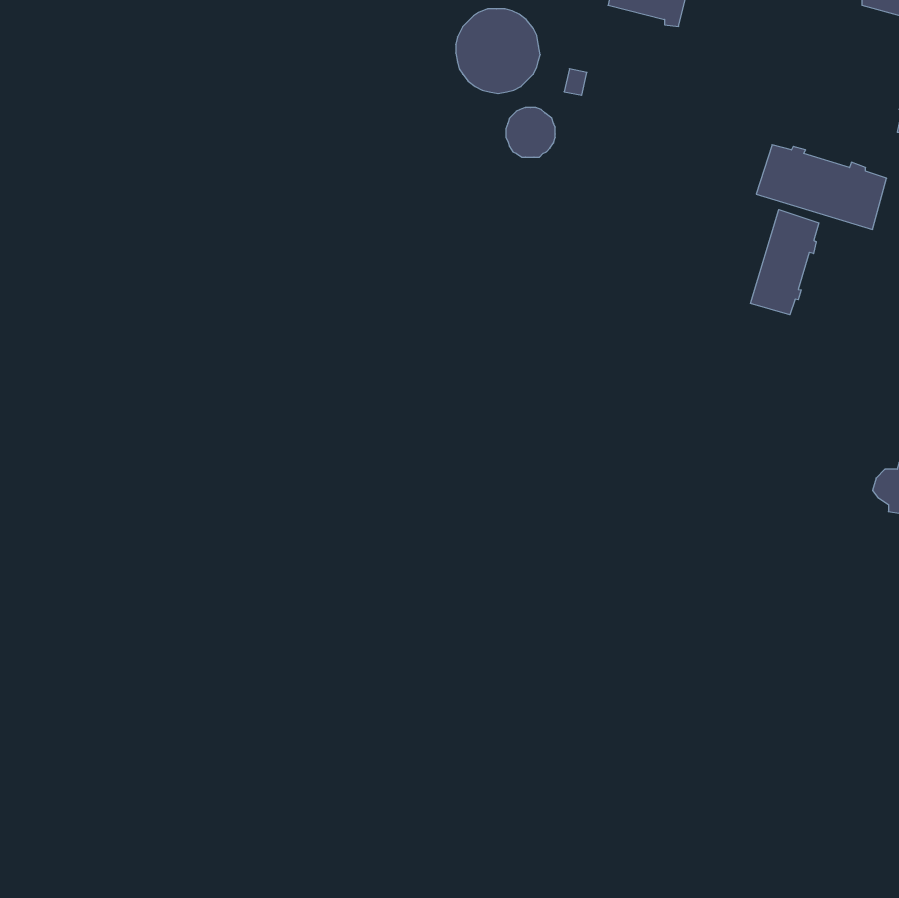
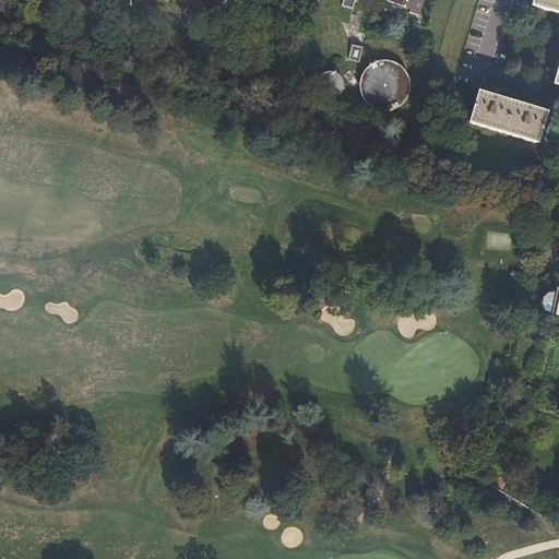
building: [456,9,540,94] -> [359,58,412,110]
building: [750,210,819,315] -> none

